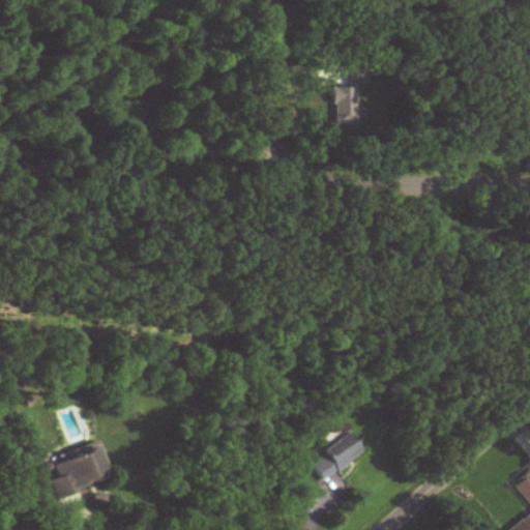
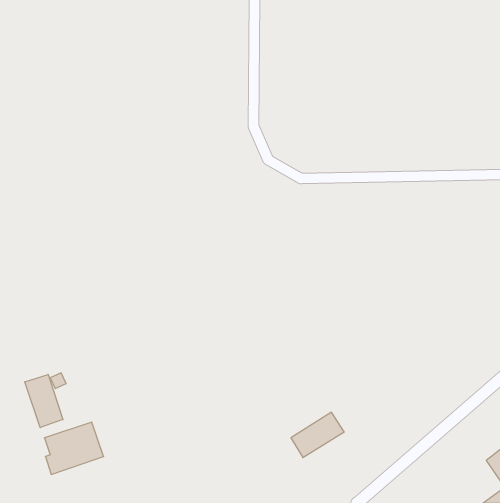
building: [335,88,358,118] -> none
building: none -> [25,374,63,428]

